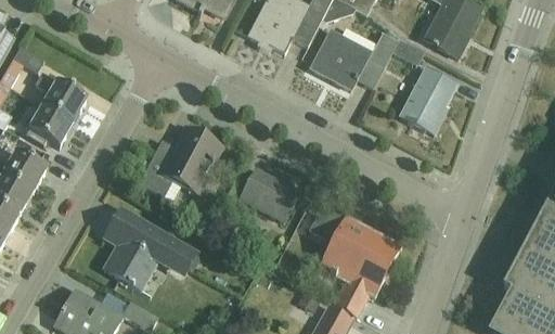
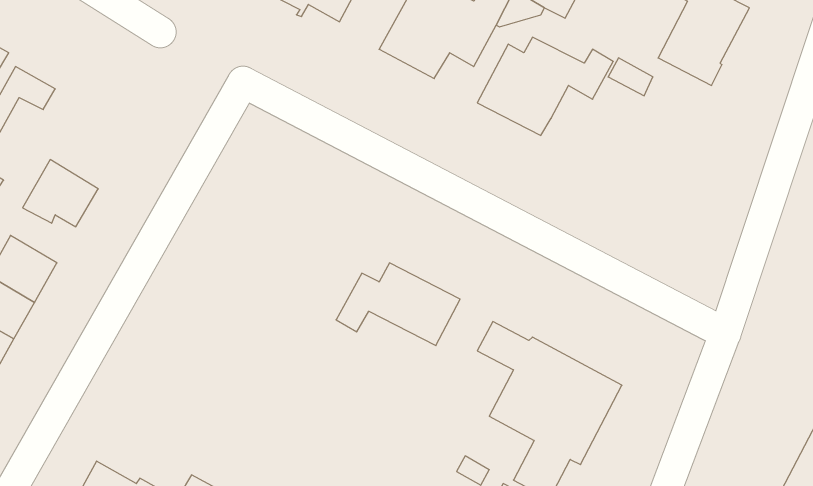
building: [399,68,456,133] -> none
building: [35,72,86,123] -> none
building: [139,130,220,196] -> none
building: [103,208,196,290] -> none

